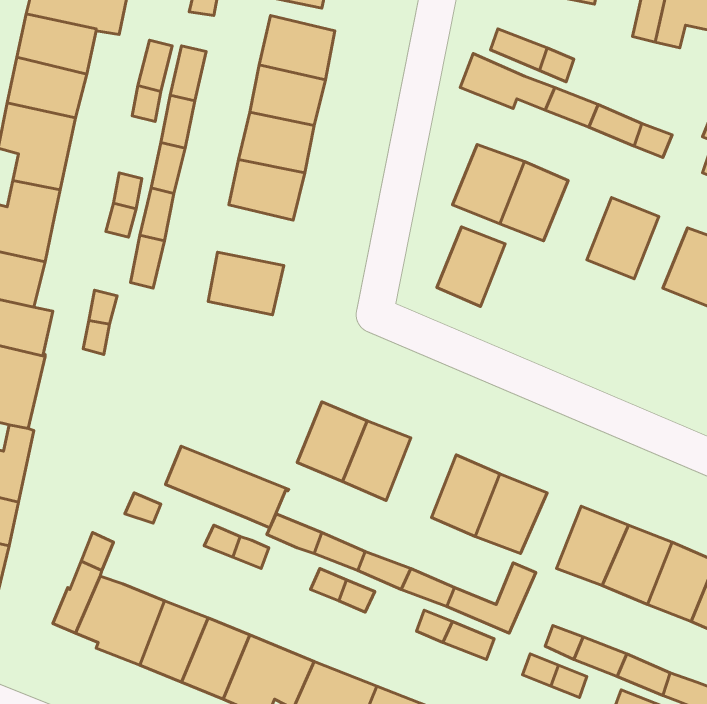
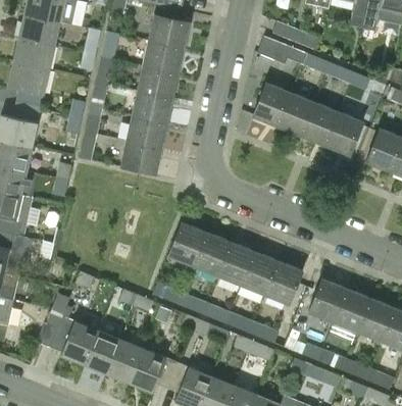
building: none -> [125,116,166,149]
building: [437,227,505,306] -> [301,103,338,146]
building: none -> [216,242,254,285]
building: [165,446,289,528] -> none

